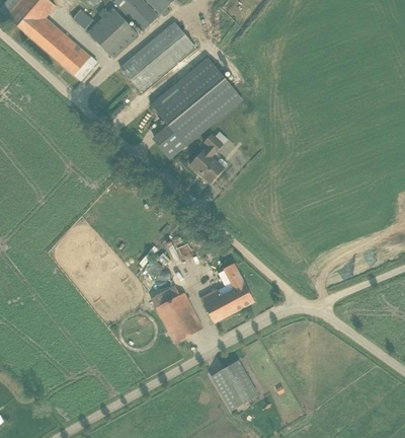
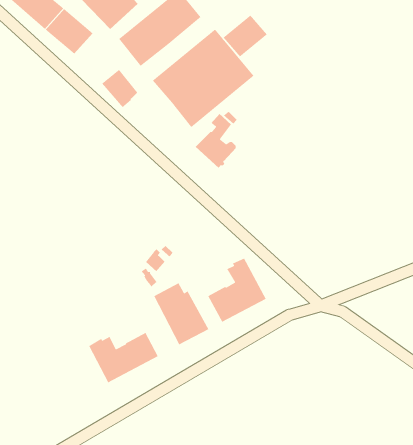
building: none -> [222,14,268,57]
building: [151,124,184,159] -> [101,69,138,108]
building: none -> [88,332,159,384]
building: [210,359,257,410] -> none

